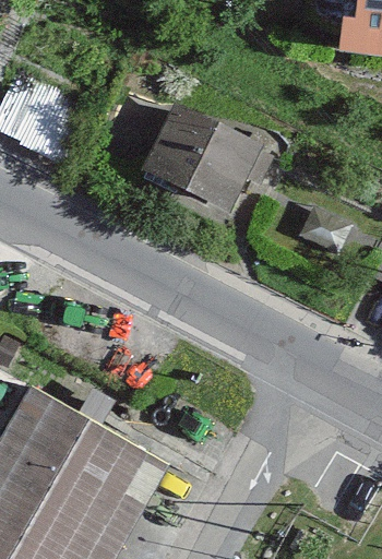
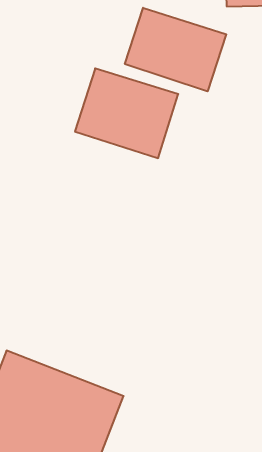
building: none -> [125,8,226,91]

